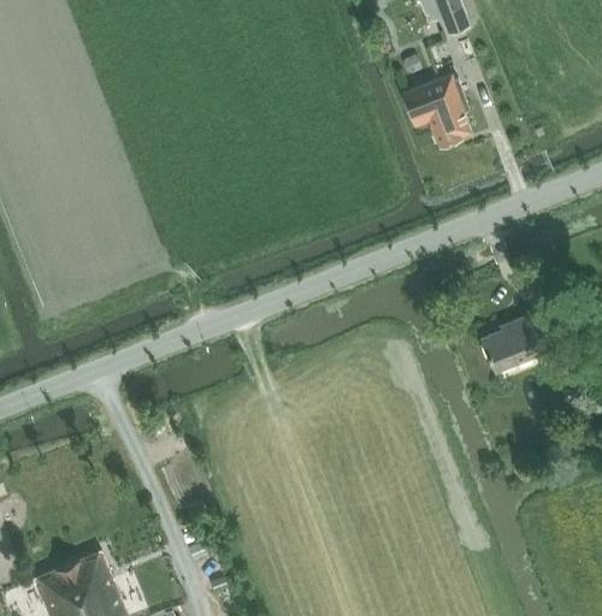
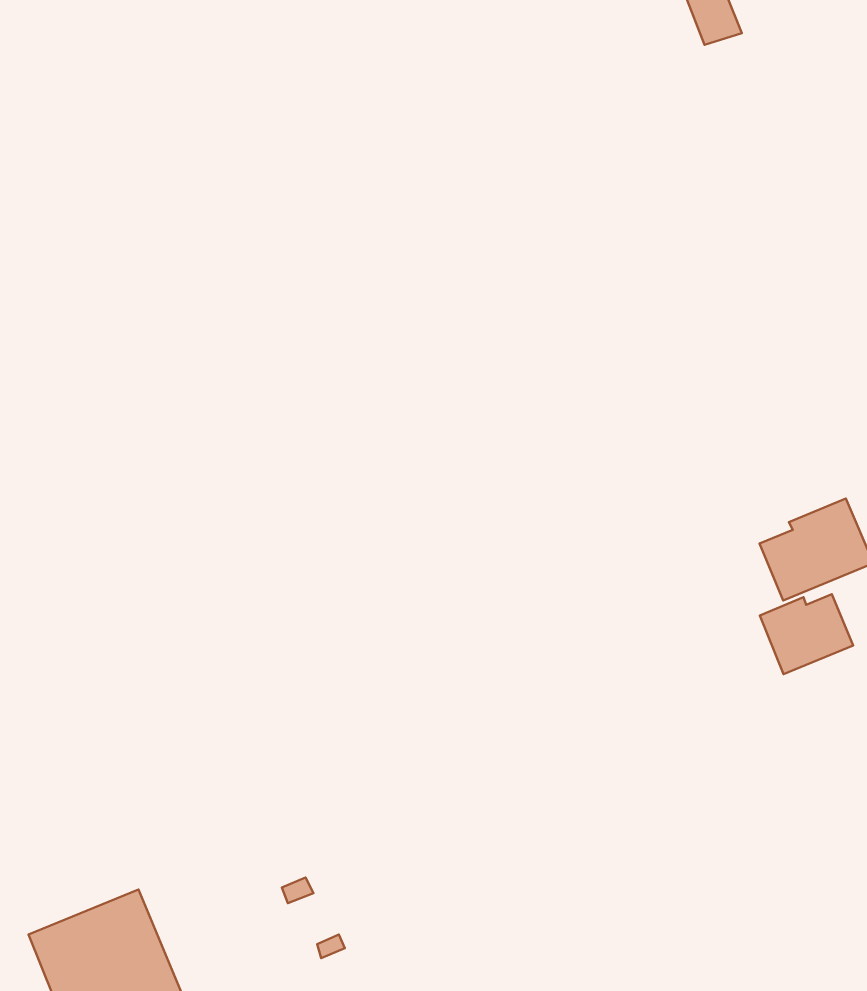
building: [402,73,472,149] -> none
building: none -> [760,594,853,674]

